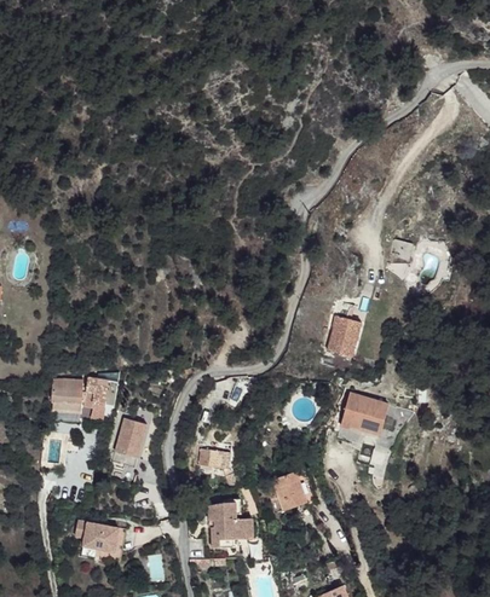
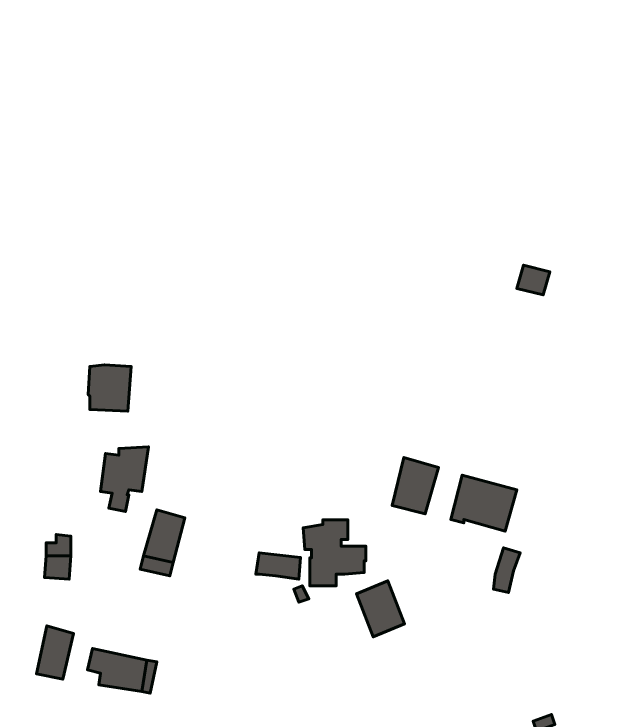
building: [327,315,361,357] -> [392,458,438,514]
building: [51,378,82,412] -> [88,365,131,411]
building: [207,499,253,547] -> [303,520,366,586]
building: none -> [37,626,74,679]

